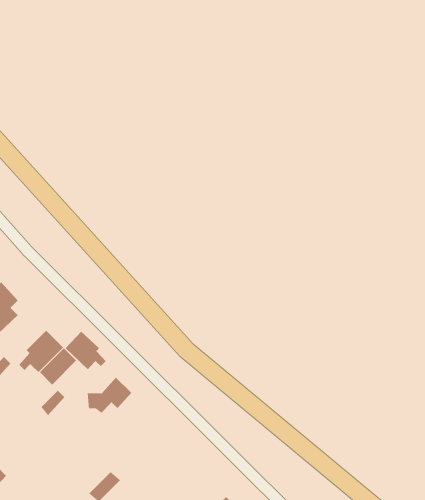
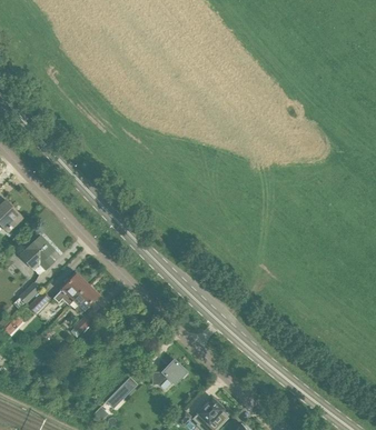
building: [65,331,106,371] -> none
building: [87,377,132,413] -> [151,359,186,387]

